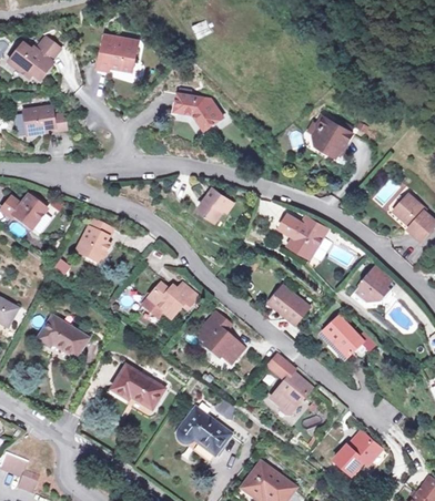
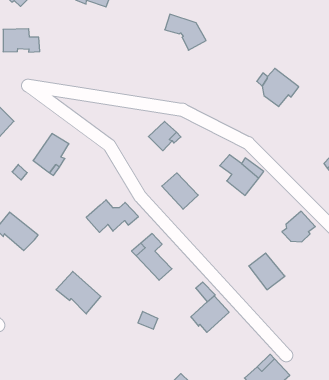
building: [173,94,220,131] -> [165,14,206,50]
building: [266,285,307,324] -> [162,173,198,209]
building: [180,410,231,464] -> none

